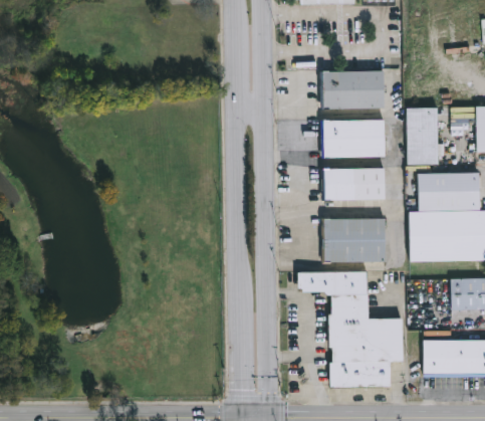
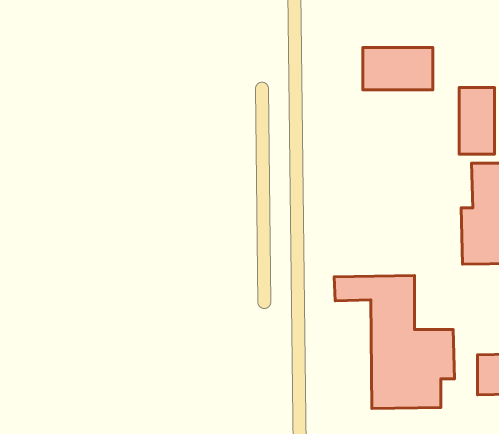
building: [323,120,385,157] -> none
building: [322,169,385,200] -> none
building: [322,219,385,261] -> none

